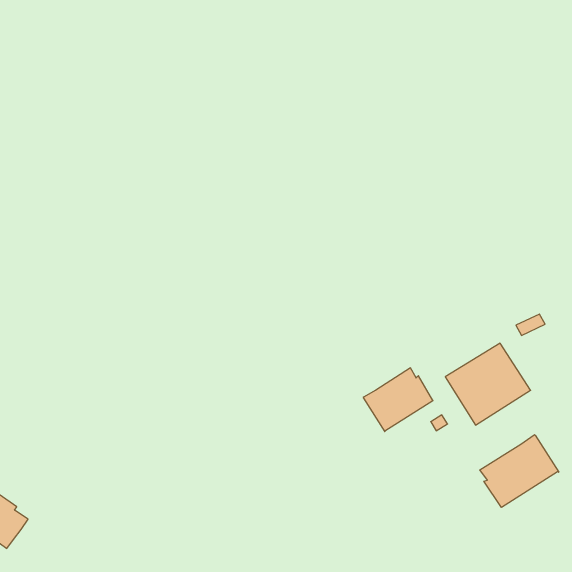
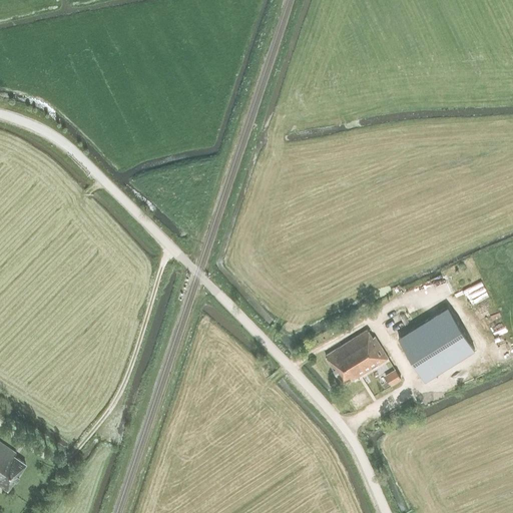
building: [480,435,559,507] -> none

